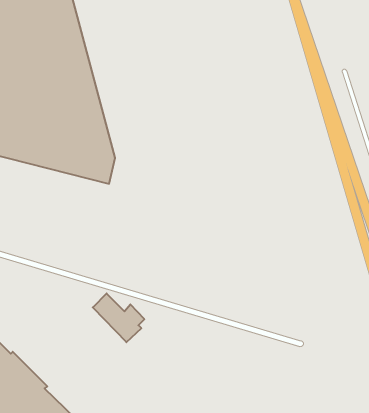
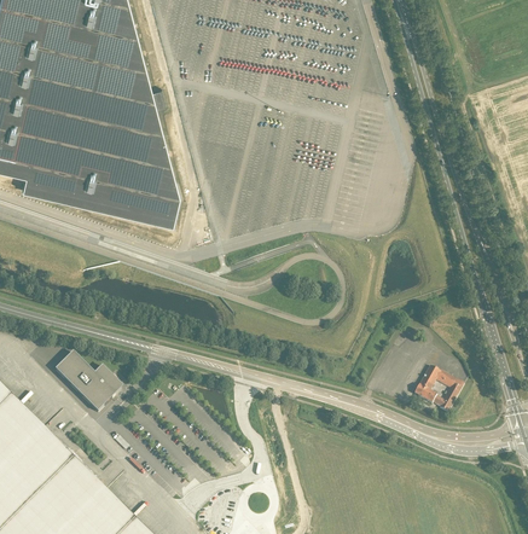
building: [93,293,144,342] -> [56,352,118,411]
building: none -> [413,365,463,411]

